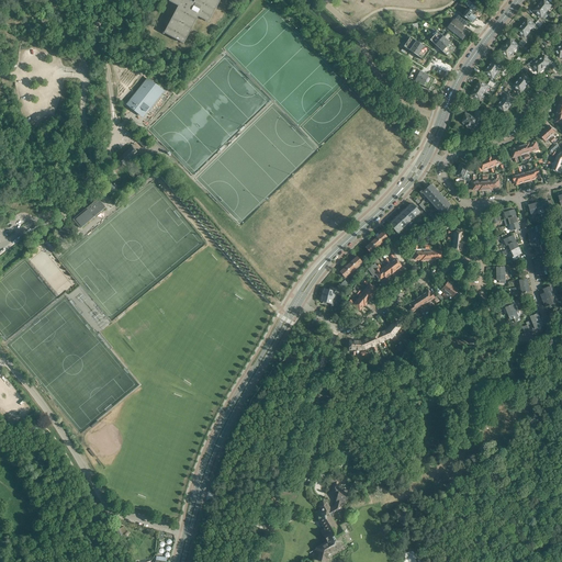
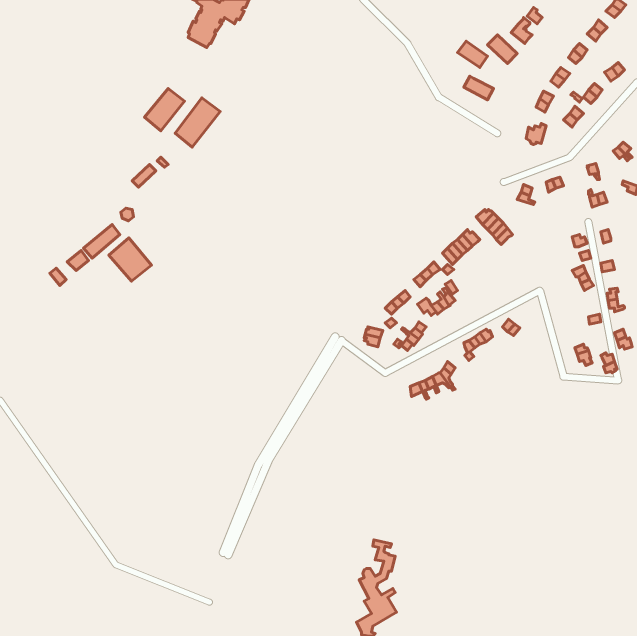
building: none -> [175,98,220,147]
building: none -> [109,238,151,281]

